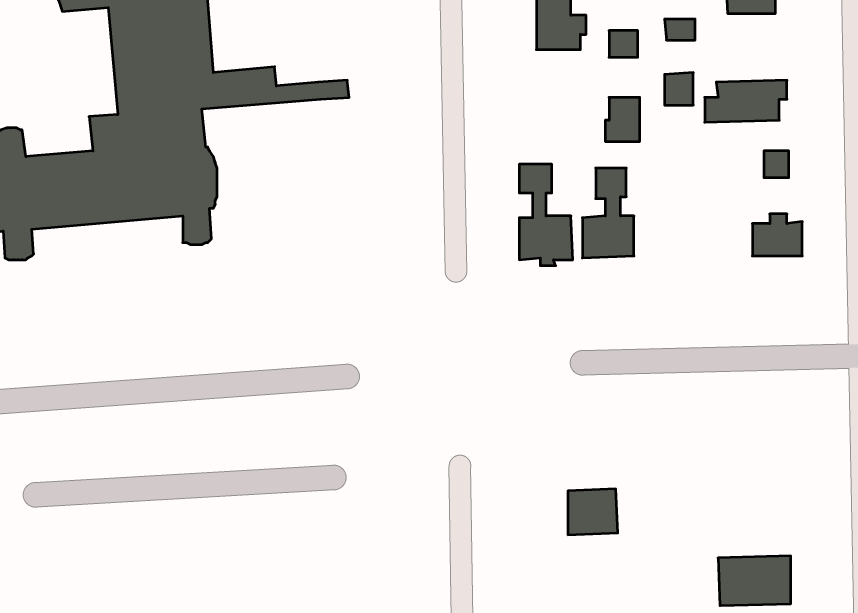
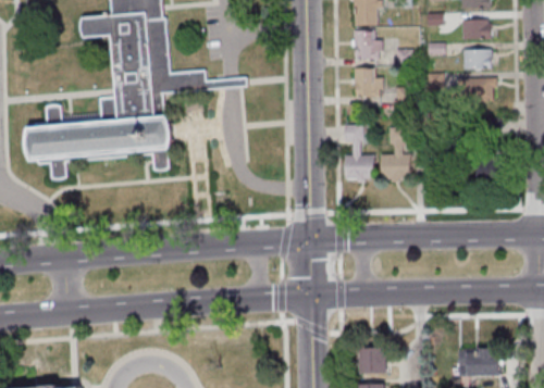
building: none -> [462,50,491,70]
building: none -> [350,67,383,98]
building: [568,489,618,535] -> [358,348,386,374]

